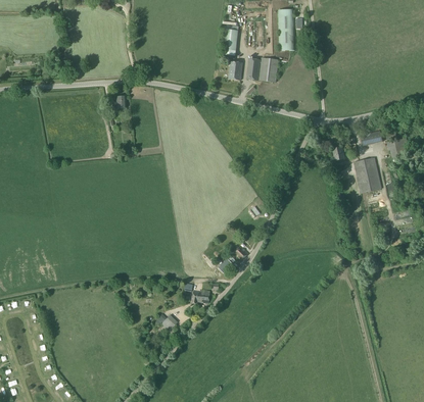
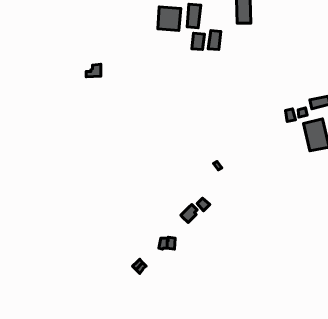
building: none -> [158,7,181,31]
building: [258,57,278,82] -> none

